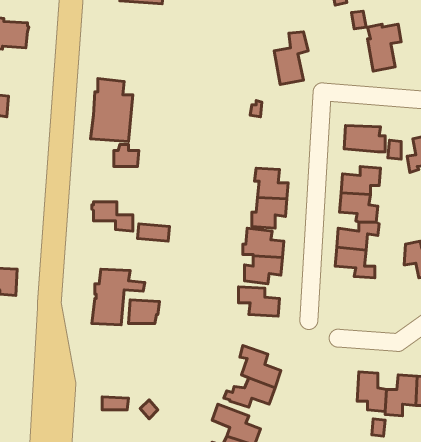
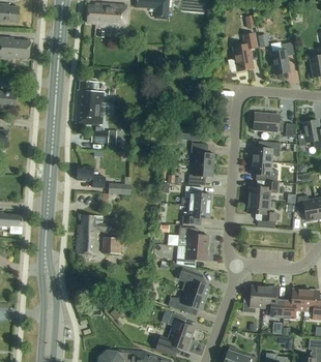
building: [274,32,308,85] -> [233,33,257,70]
building: none -> [177,246,207,267]
building: none -> [242,285,264,312]

